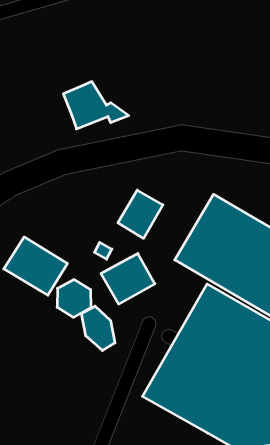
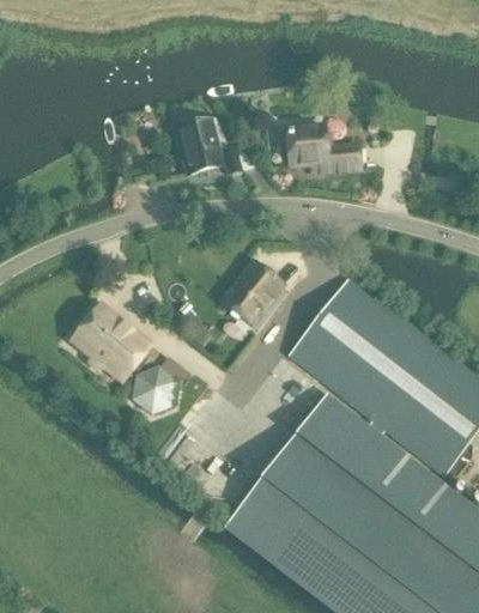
building: none -> [287,128,359,174]
building: [101,253,155,304] -> none
building: [82,306,115,351] -> none

